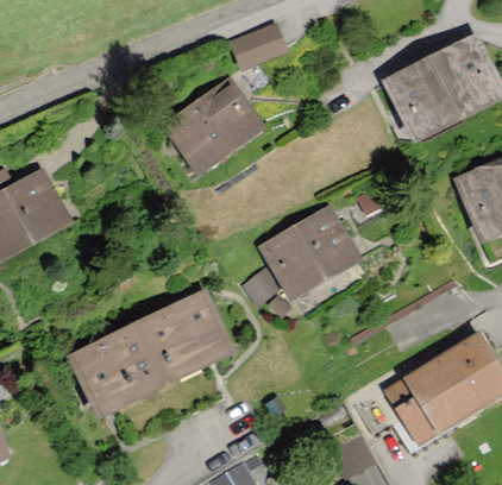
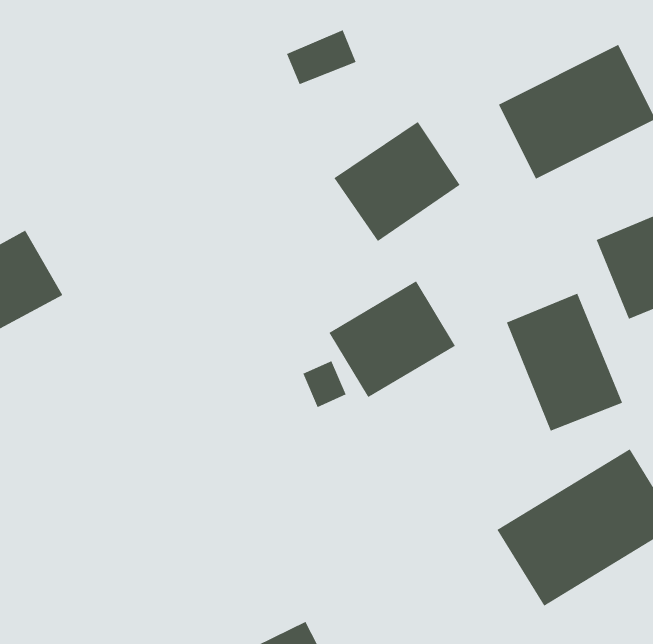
building: [167,82,259,170] -> [333,121,461,242]
building: none -> [506,293,623,432]
building: [74,292,230,412] -> none

